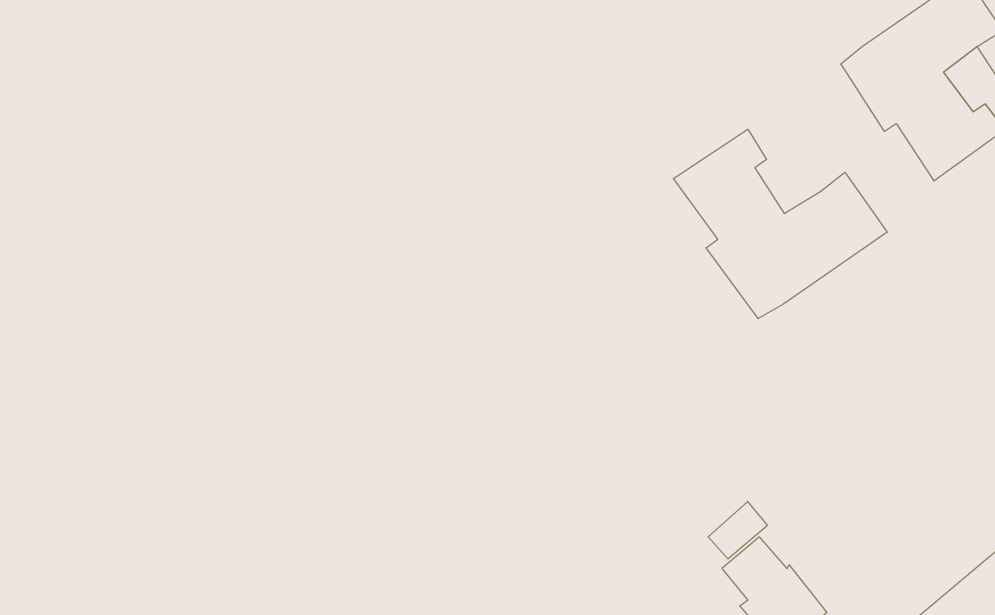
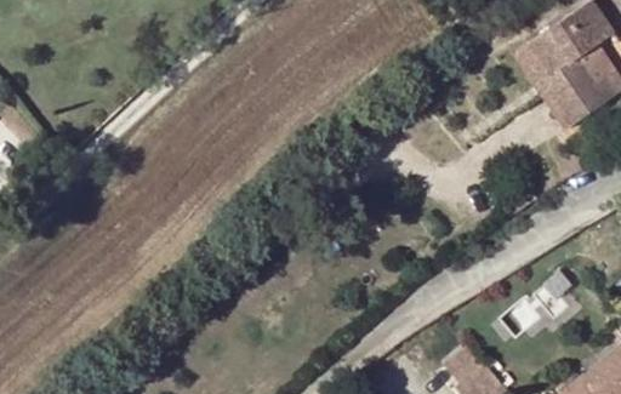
building: [673,129,887,319] -> none

